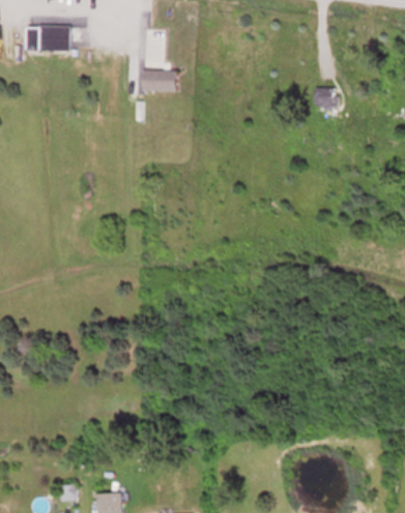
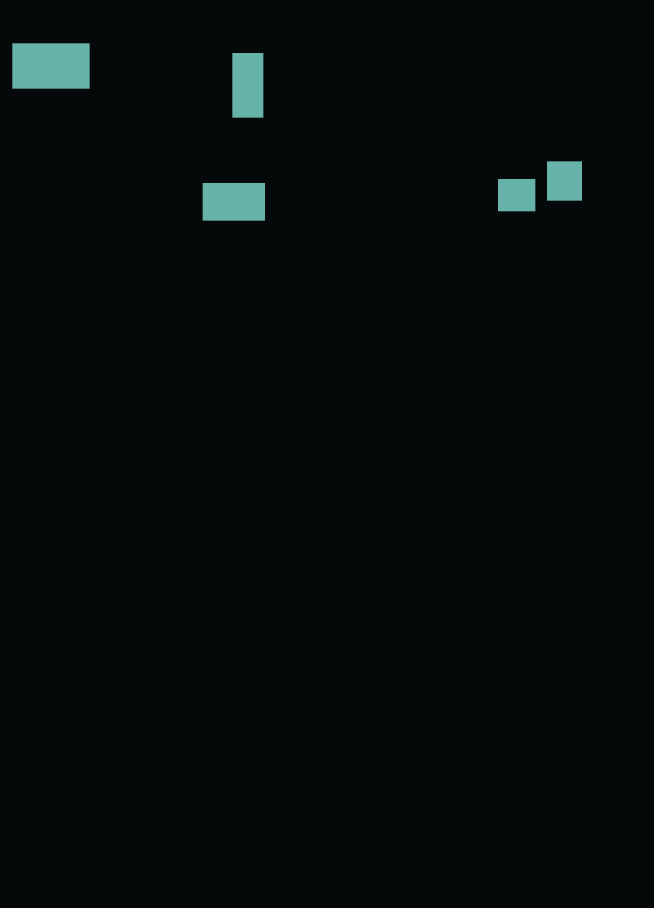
building: [142,69,176,90] -> [202,183,266,221]
building: none -> [497,178,536,212]

